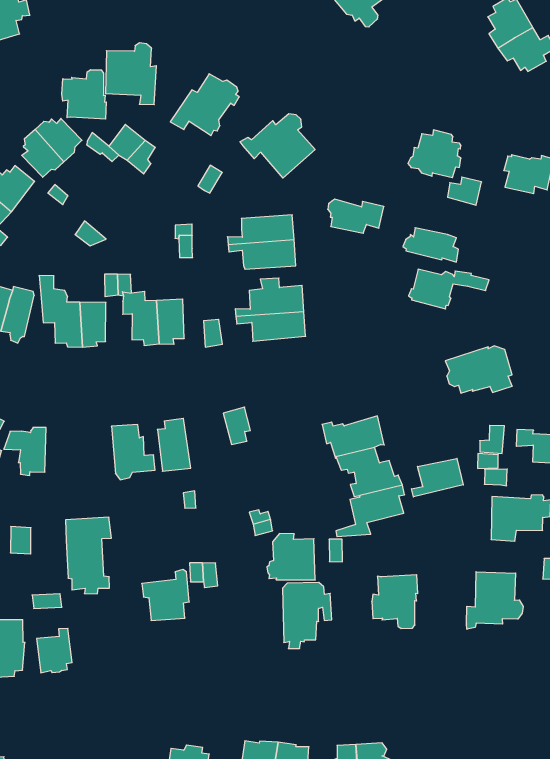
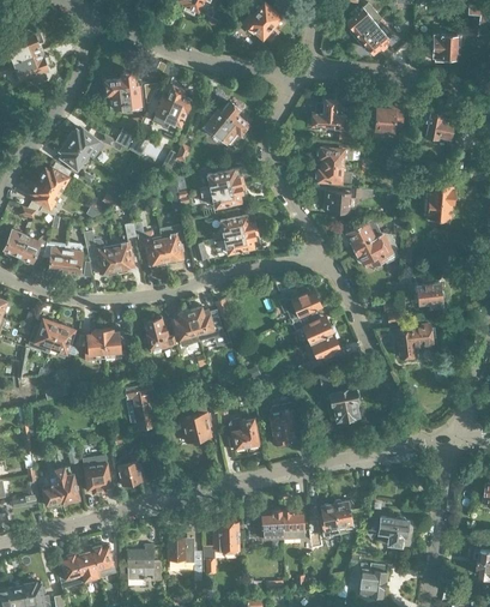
building: [62,70,106,119] -> none
building: [328,199,384,233] -> [316,145,352,166]
building: none -> [344,220,379,247]
building: none -> [189,306,230,341]
building: none -> [102,329,134,366]
building: [412,458,463,497] -> none
building: [267,534,315,580] -> [226,416,259,447]
building: [467,572,523,629] -> none

